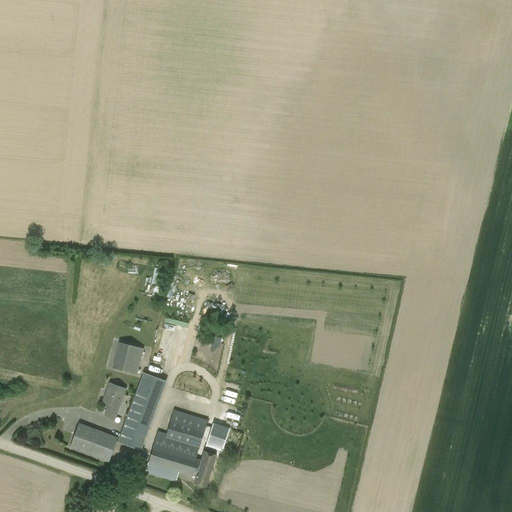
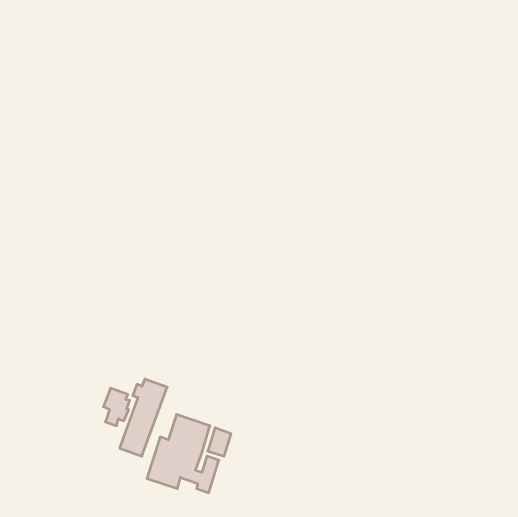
building: [112,341,144,373] -> none
building: [70,423,117,462] -> none

